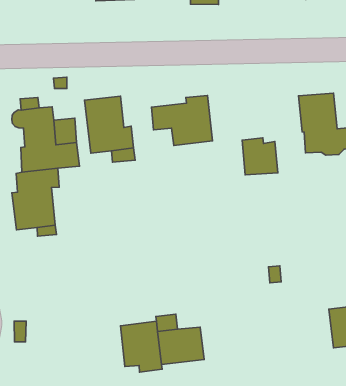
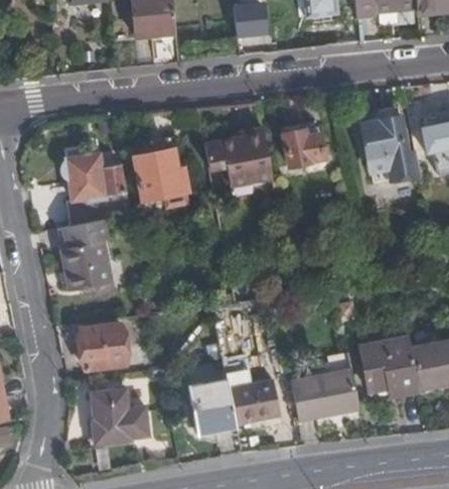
building: [242,138,278,175] -> [281,123,322,164]
building: none -> [81,324,125,369]
building: none -> [361,337,419,394]
building: none -> [292,352,359,419]
building: none -> [90,386,148,446]

